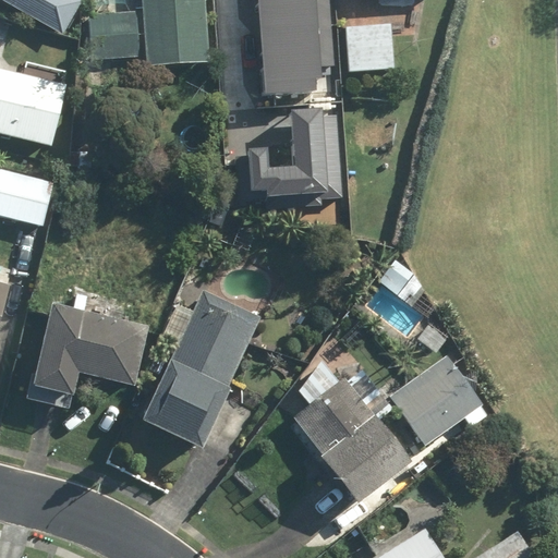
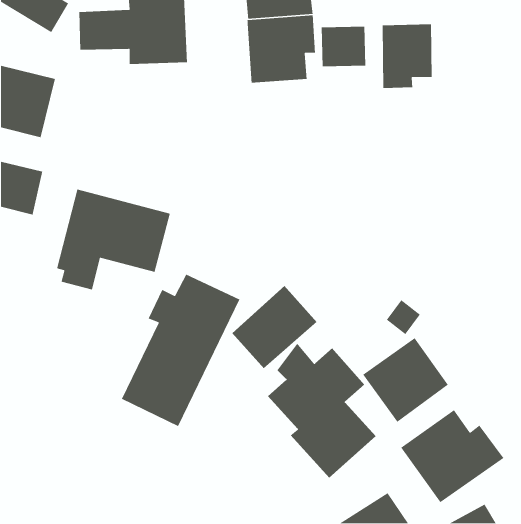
building: none -> [381,24,433,89]
building: [241,101,352,201] -> none
building: none -> [231,285,317,369]
building: [29,302,150,410] -> [56,188,171,290]
building: none -> [400,409,504,504]

